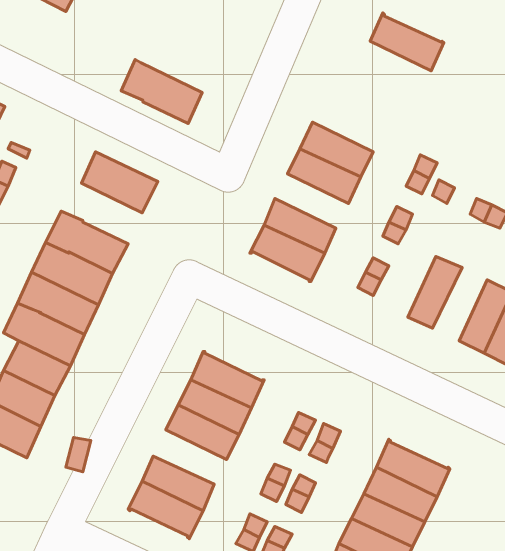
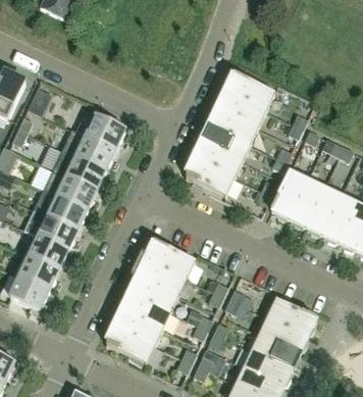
building: [370,13,444,71] -> [226,73,274,111]
building: [121,60,202,124] -> [62,130,115,171]
building: none -> [202,126,250,161]
building: none -> [271,170,307,219]
building: none -> [305,187,341,235]
building: none -> [122,293,170,329]

